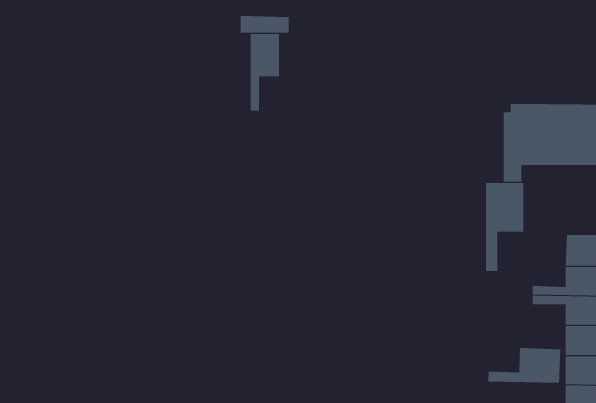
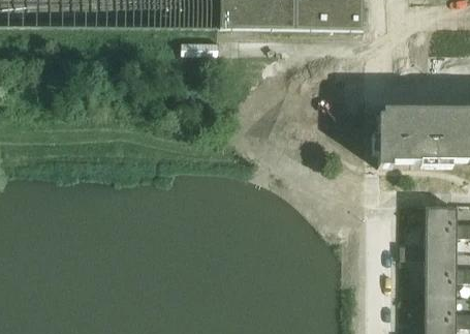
building: [250,33,279,111] -> none
building: [485,182,524,272] -> none
building: [488,347,561,384] -> none

